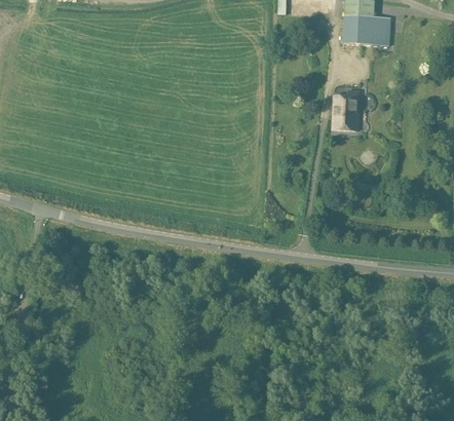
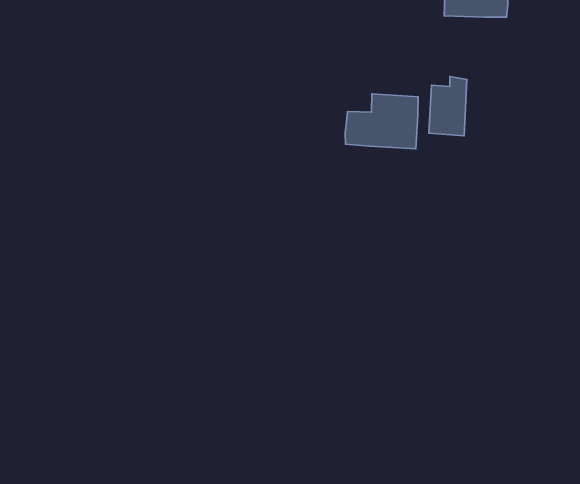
building: none -> [345,94,418,149]

